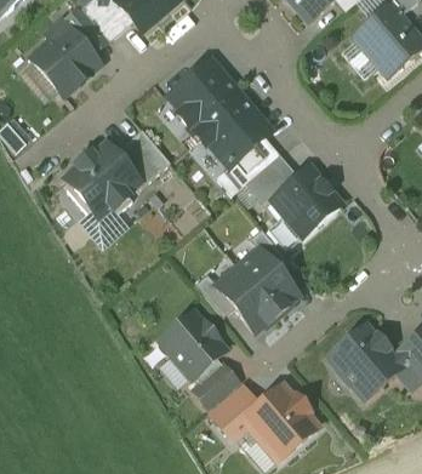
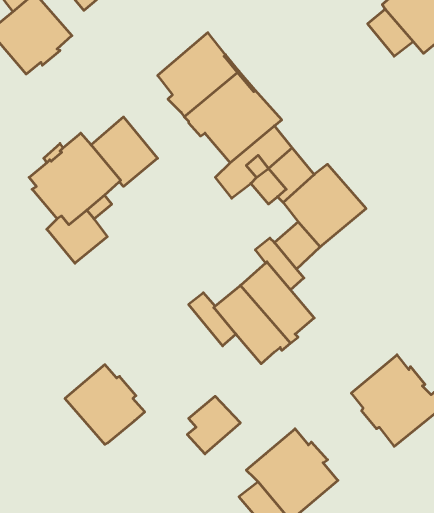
building: [160,312,226,377] -> [65,365,145,444]
building: [210,384,258,438] -> none

